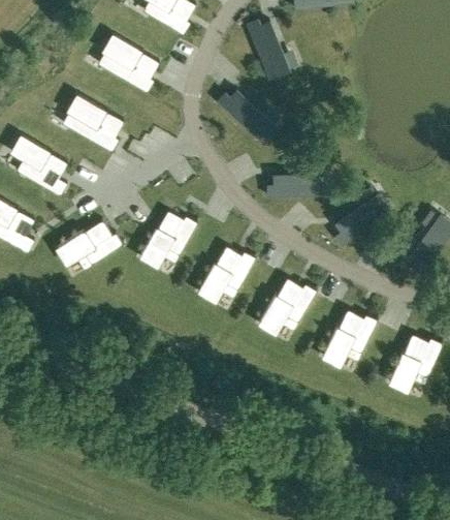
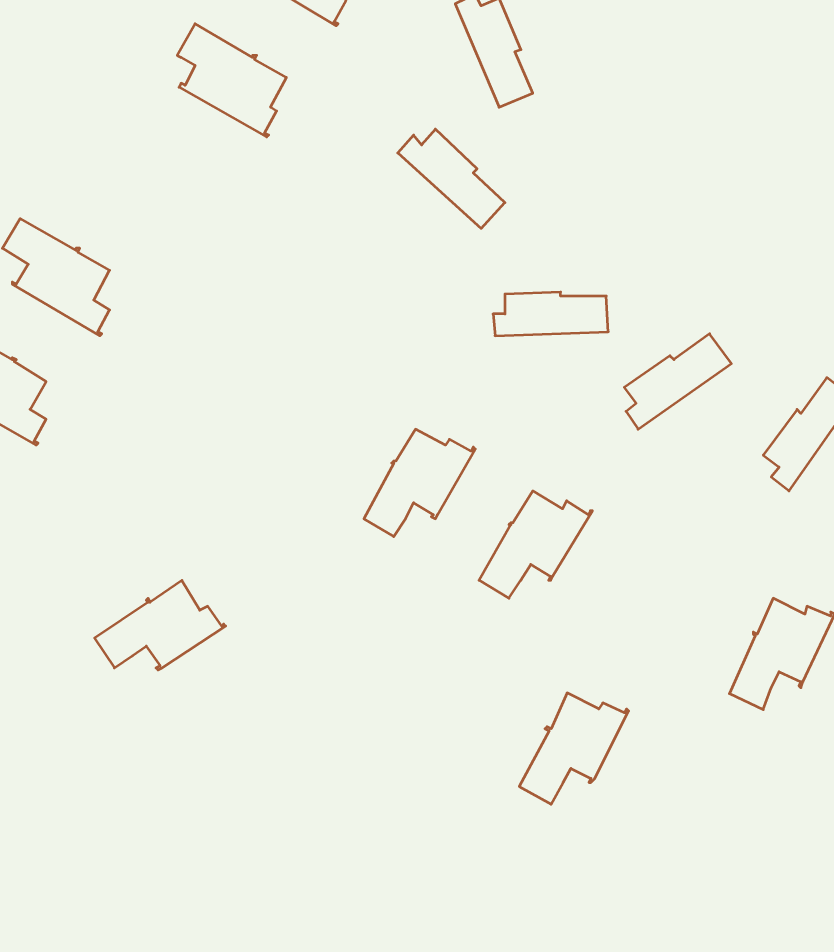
building: [67,94,124,153] -> none
building: [140,210,199,267] -> none
building: [57,219,125,266] -> [95,580,226,670]
building: [322,308,379,366] -> [519,693,629,804]

